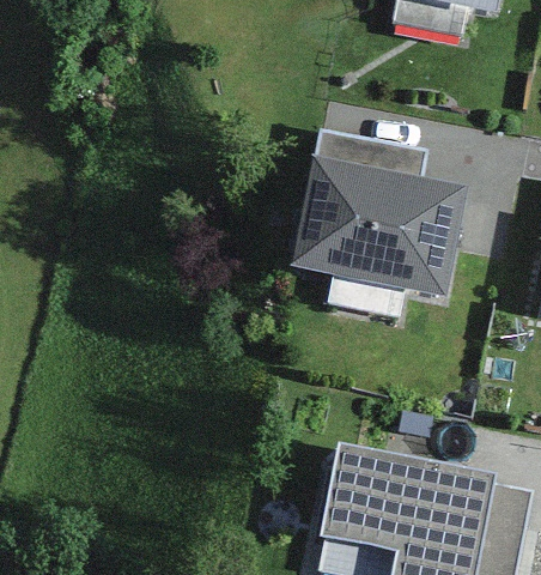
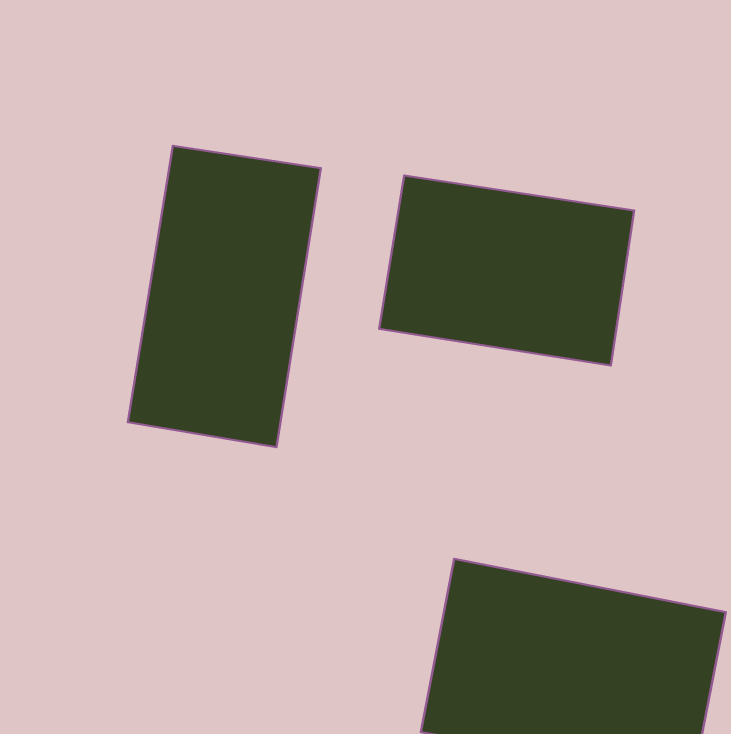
building: none -> [128,146,321,447]

